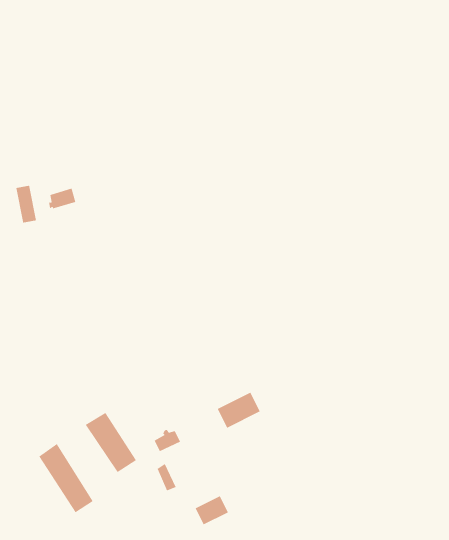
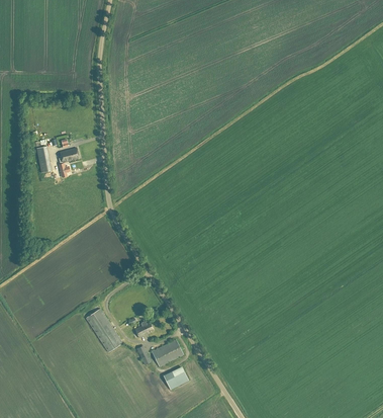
building: [217,392,261,429] -> [152,340,183,366]
building: [39,443,93,513] -> none

